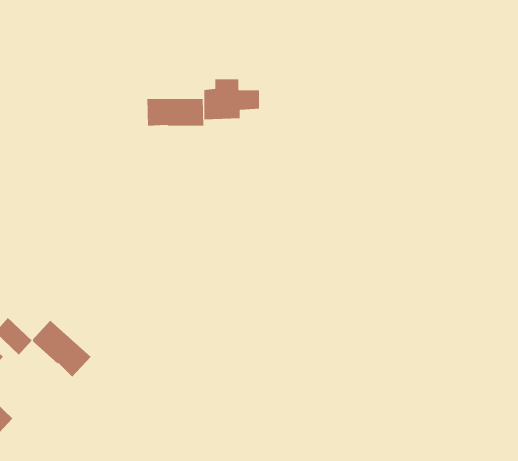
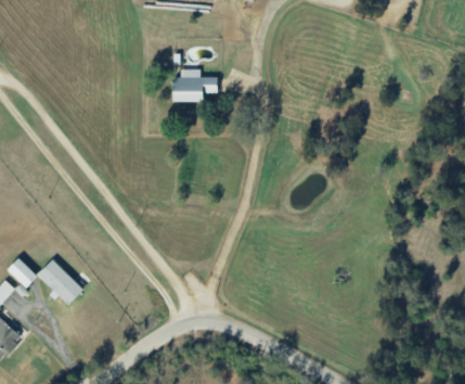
building: [147,98,204,127] -> none

